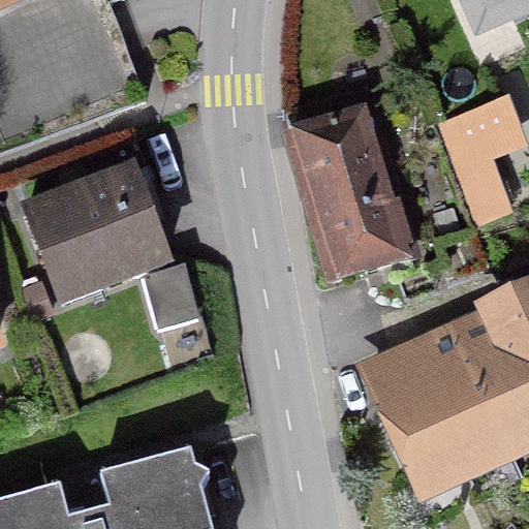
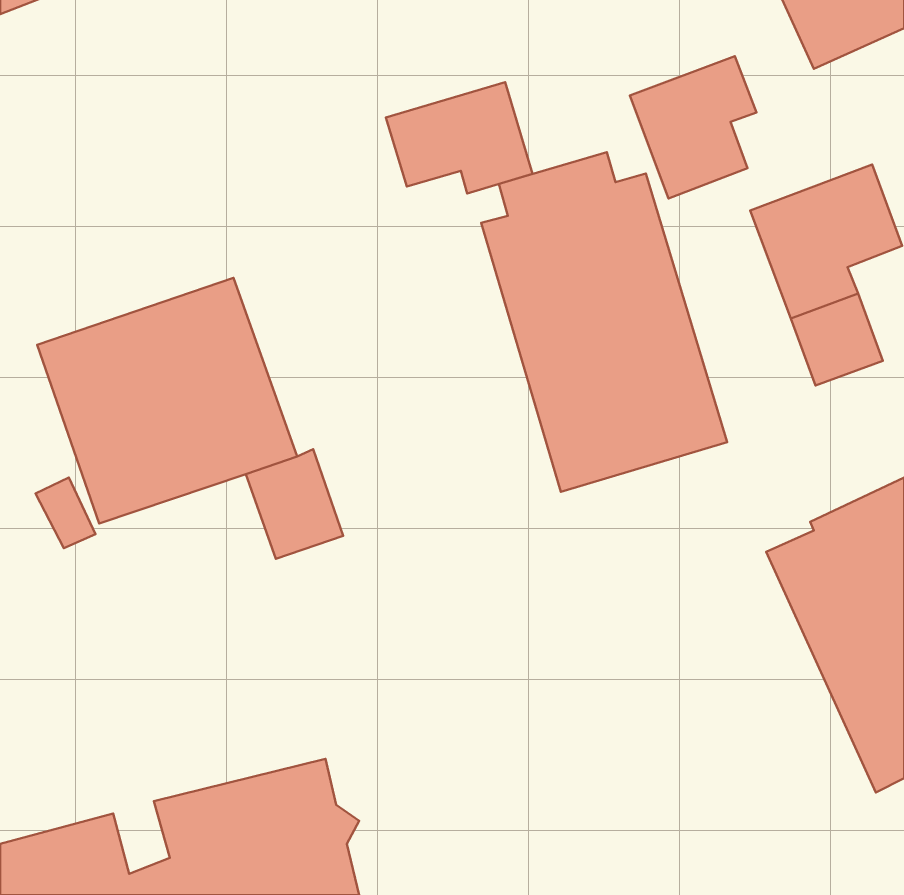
building: none -> [630,56,757,199]
building: none -> [386,82,532,194]
building: [355,322,511,504] -> none

